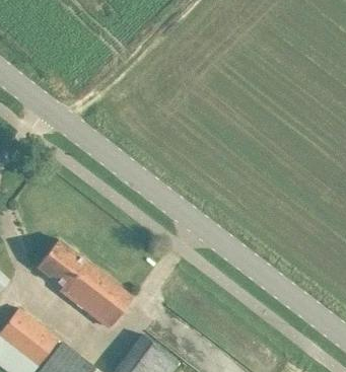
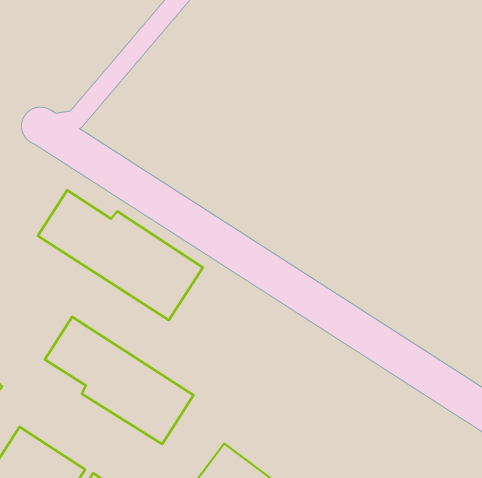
building: none -> [38,190,203,320]

